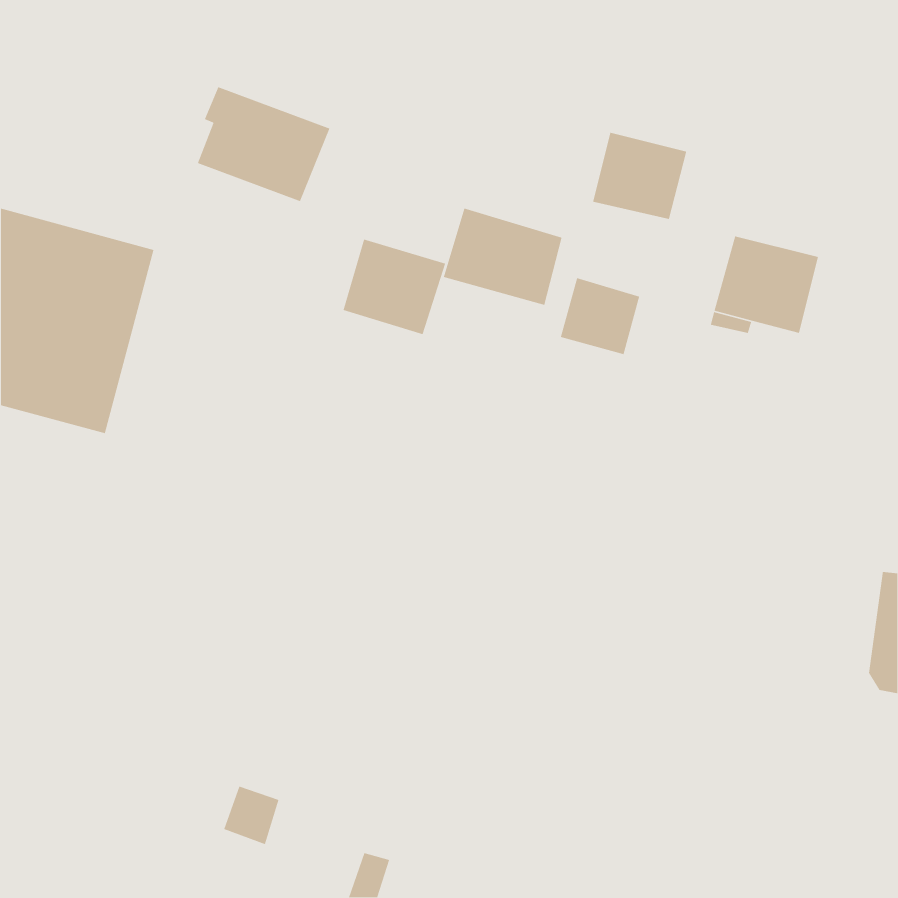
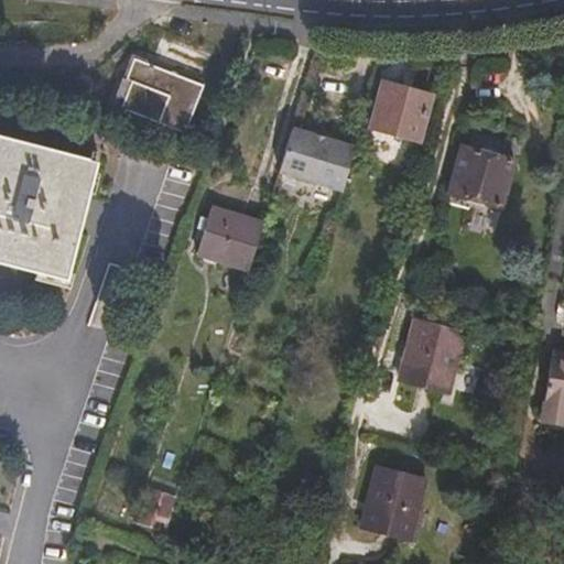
building: [342,239,446,335] -> [197,208,262,269]
building: [560,277,640,355] -> none
building: none -> [399,324,463,395]
building: none -> [359,469,422,540]

